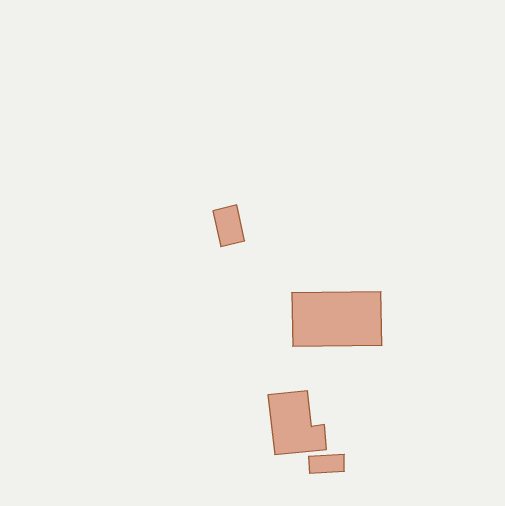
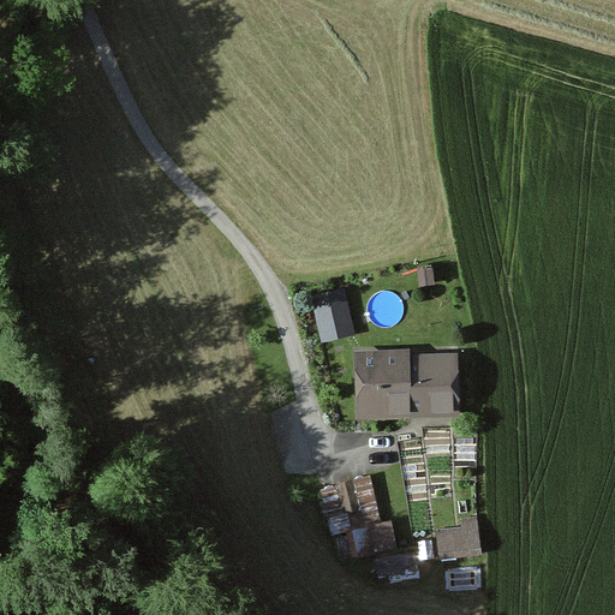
building: [213,205,245,247] -> [314,292,352,342]
building: none -> [434,515,482,551]

